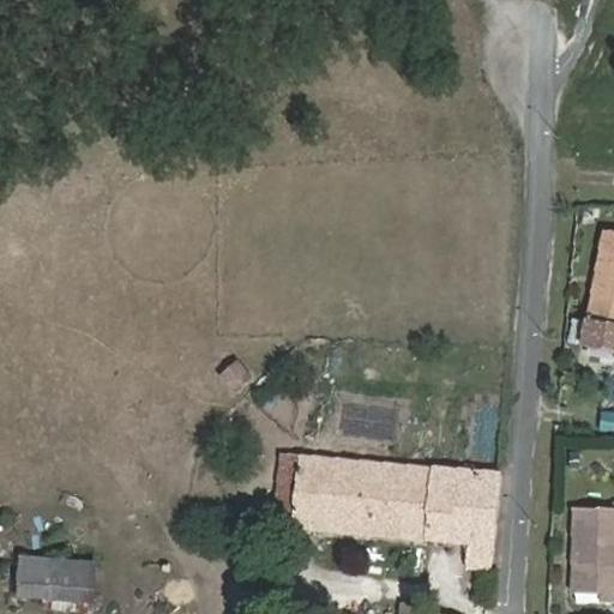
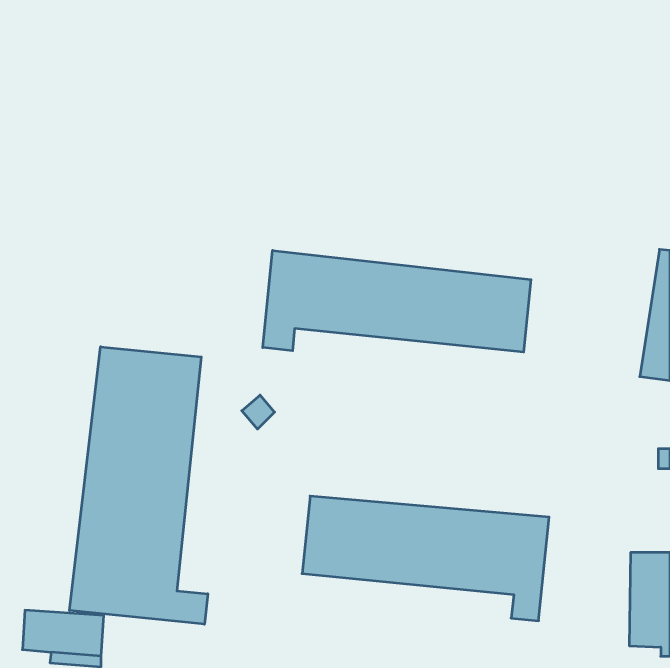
building: none -> [263,250,531,352]
building: none -> [70,347,208,624]

